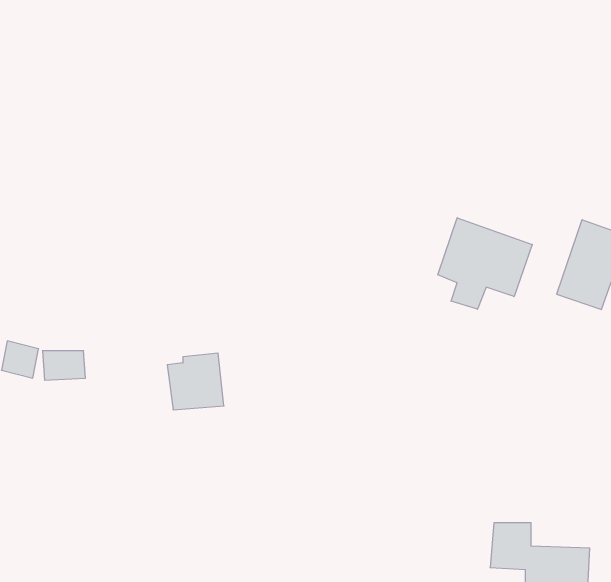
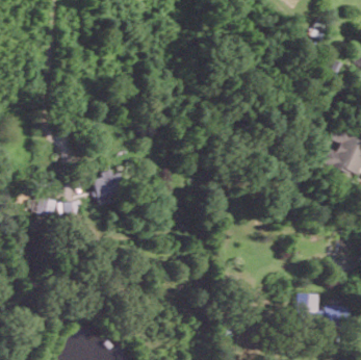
building: [438,218,532,309] -> none
building: [167,353,224,410] -> [93,170,123,200]

